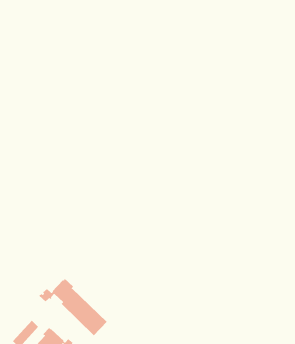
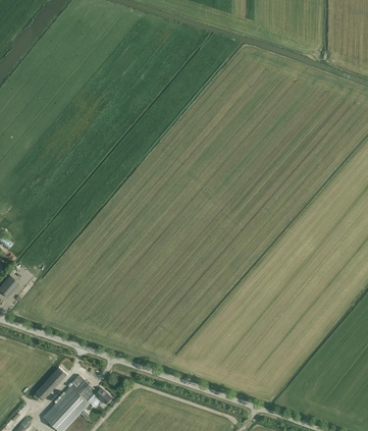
building: [38,278,107,336] -> none

